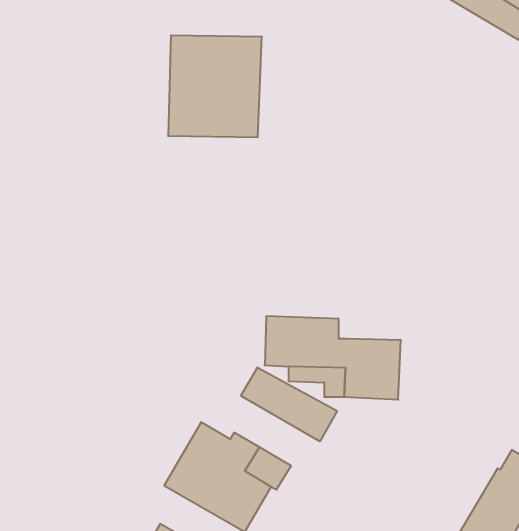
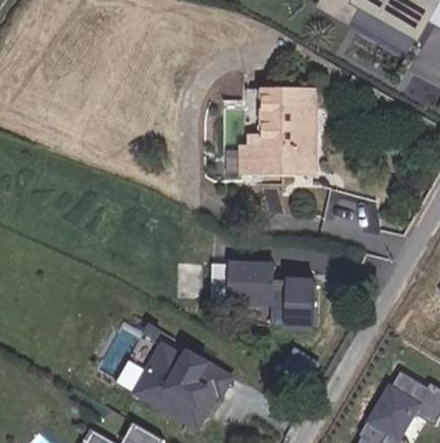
building: [168,35,262,137] -> [250,88,322,166]
building: [241,367,337,441] -> none

